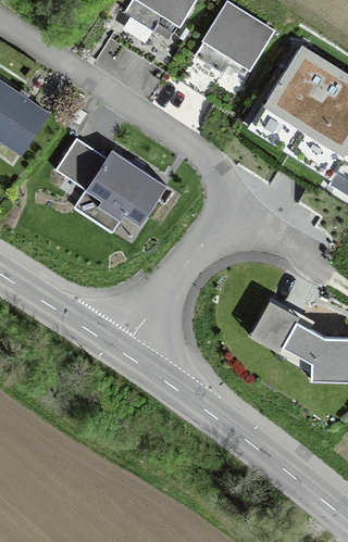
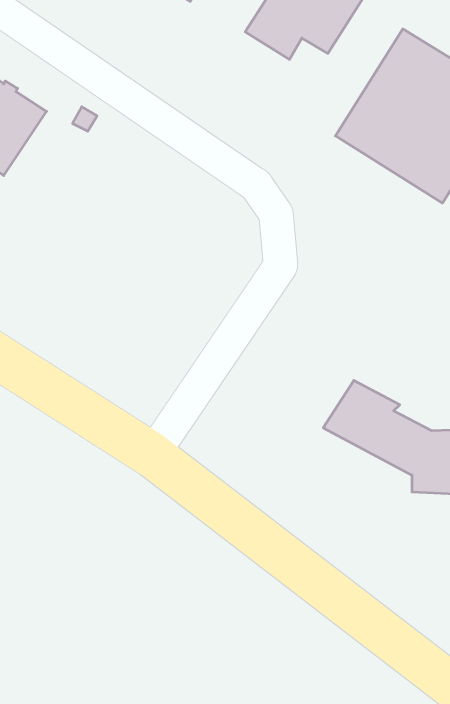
building: [55,137,166,232] -> none

